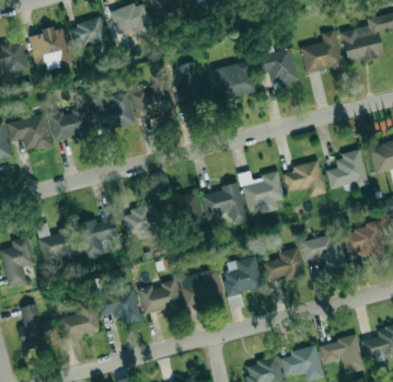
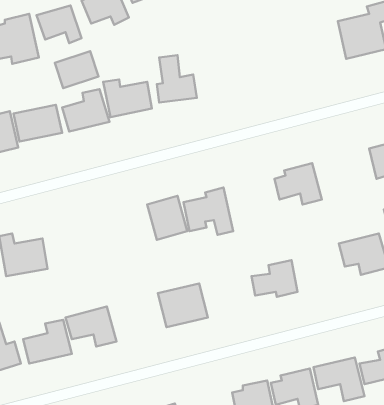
building: [300,30,343,74] -> none
building: [259,47,298,85] -> none
building: none -> [55,51,99,88]
building: [211,60,257,100] -> none
building: [326,151,368,189] -> none
building: [240,171,284,215] -> none
building: [123,205,163,240] -> none
building: [78,219,117,258] -> none
building: [300,232,346,270] -> none
building: [222,257,262,309] -> none
building: [138,279,182,315] -> none

